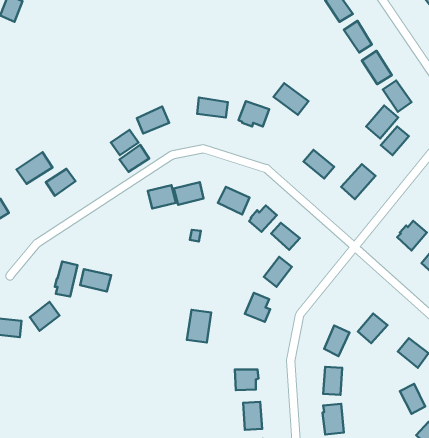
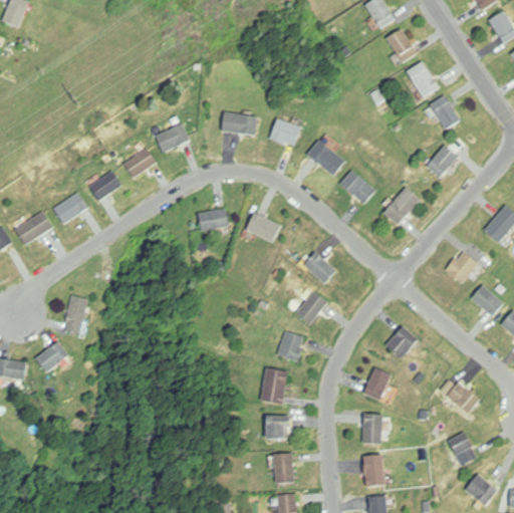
building: [274,83,309,115] -> [306,140,345,175]
building: [366,106,398,139] -> none
building: [120,145,149,172] -> [88,170,121,200]
building: [16,152,52,184] -> [12,210,52,245]
building: [148,185,176,208] -> none
building: [249,205,277,232] -> none
building: [80,269,111,291] -> none
building: [187,310,211,342] -> [260,366,287,403]
building: [358,314,387,343] -> [386,324,419,357]

